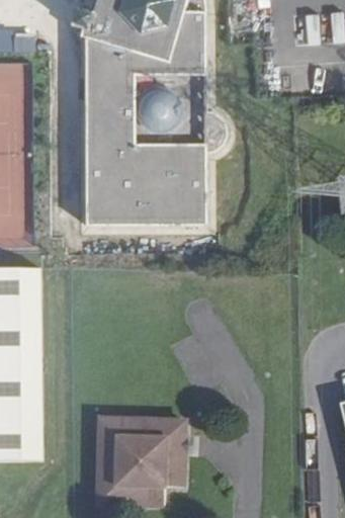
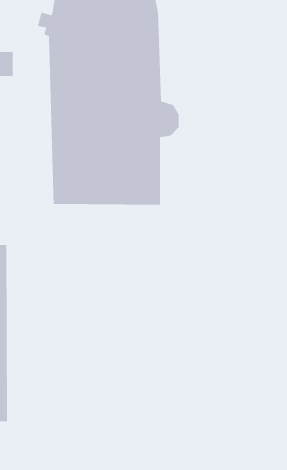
building: [97,422,182,505] -> none

